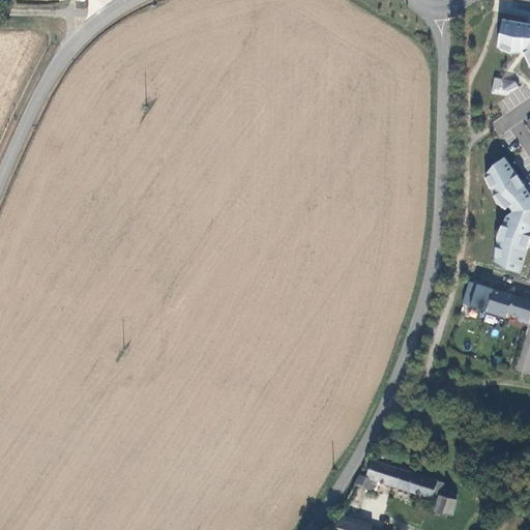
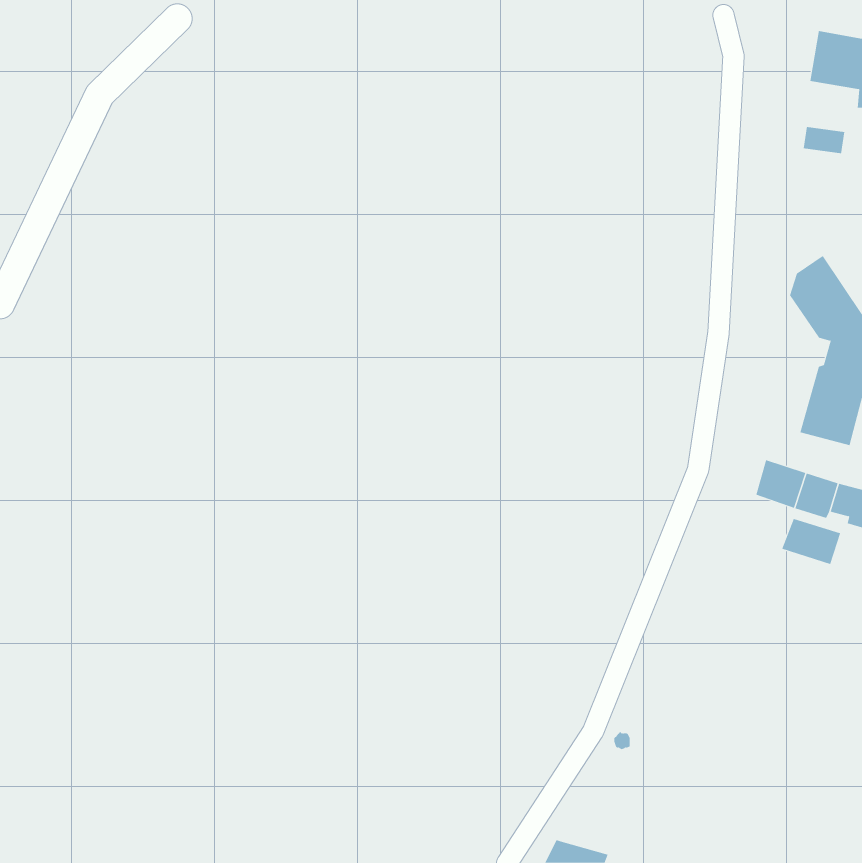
building: none -> [782,518,841,565]
building: [356,461,458,516] -> none

